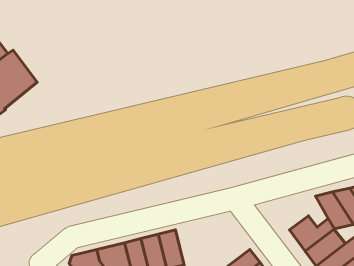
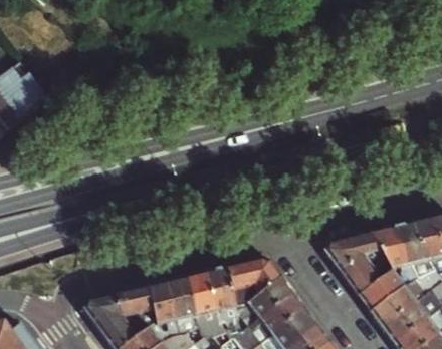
building: none -> [327,233,387,272]
building: none -> [230,259,283,307]

